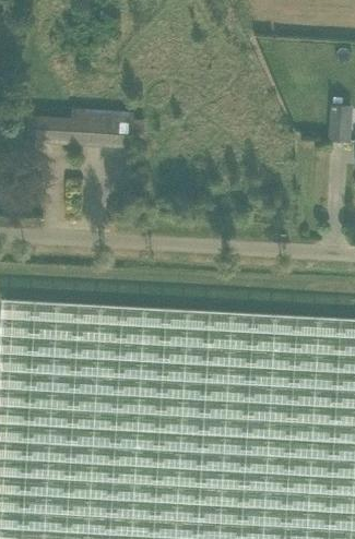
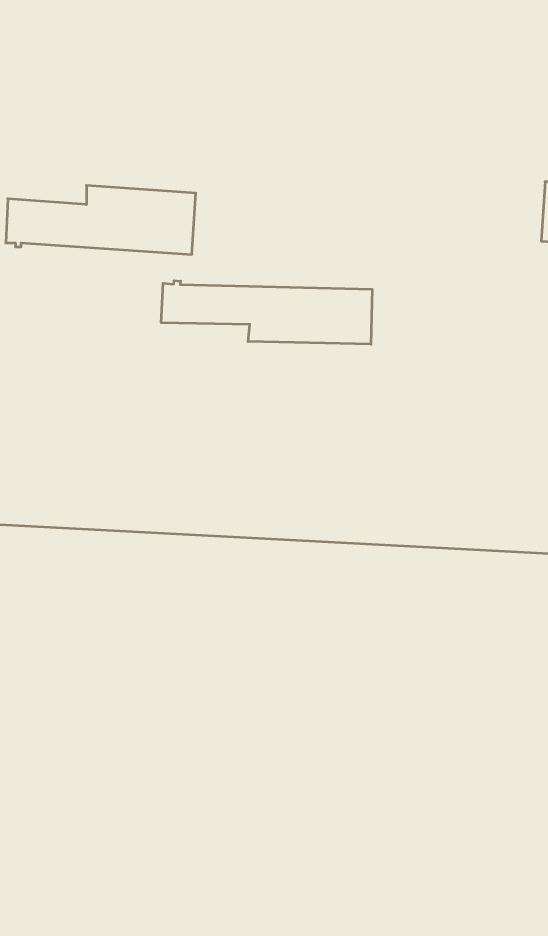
building: none -> [161,281,372,344]

